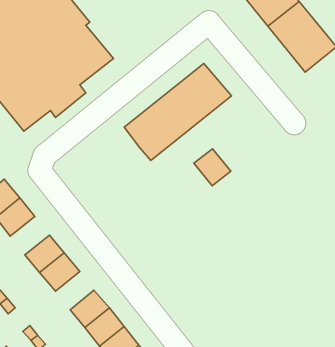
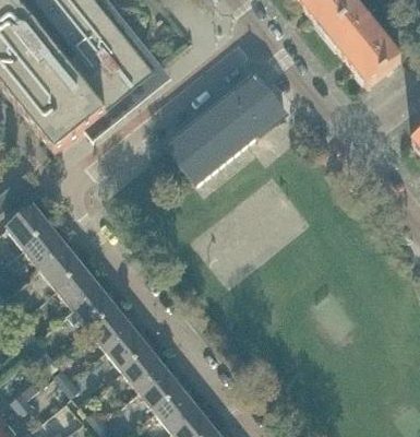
building: [194,149,231,186] -> none
building: none -> [39,246,83,288]
building: none -> [89,307,132,350]

